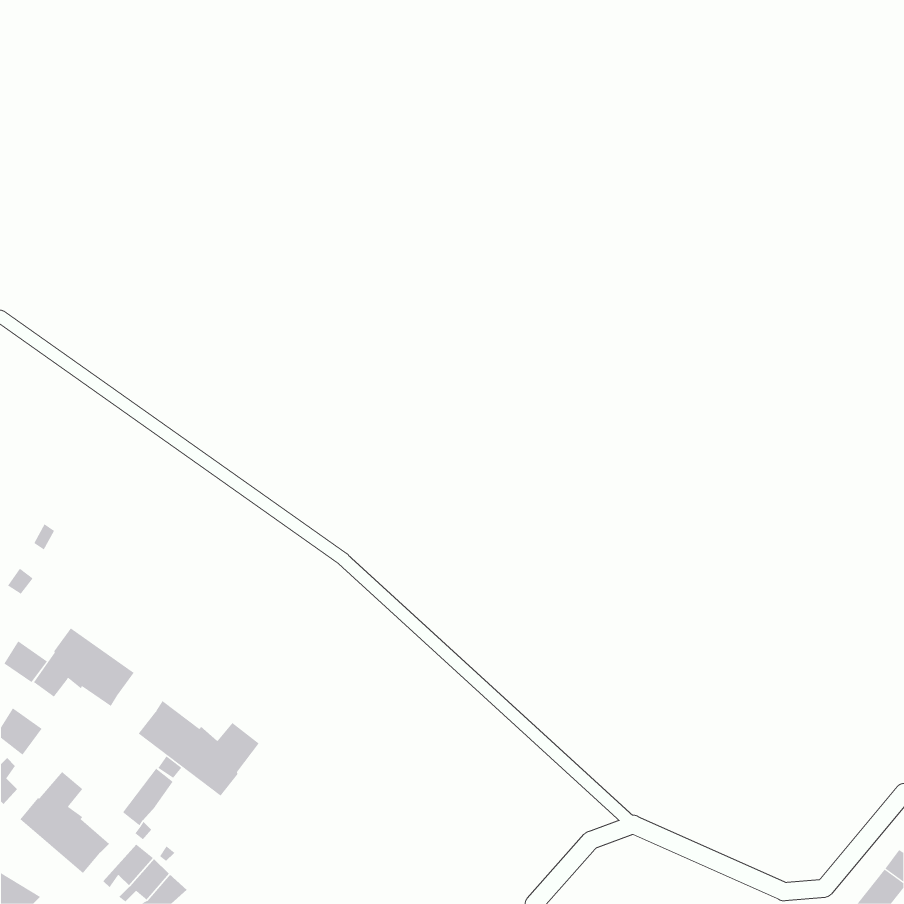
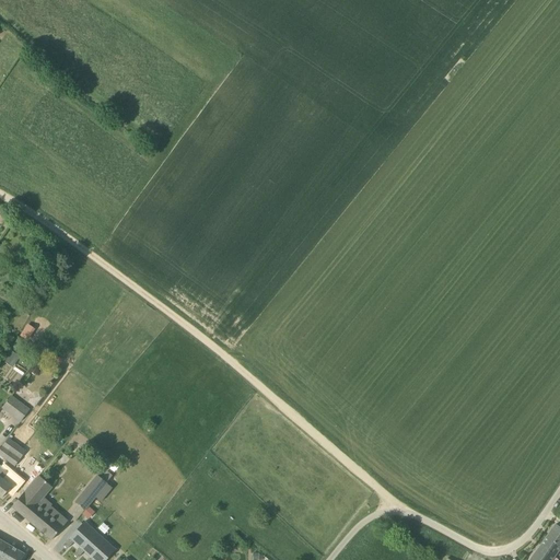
building: [33,628,134,707] -> none
building: [138,700,259,797] -> none

